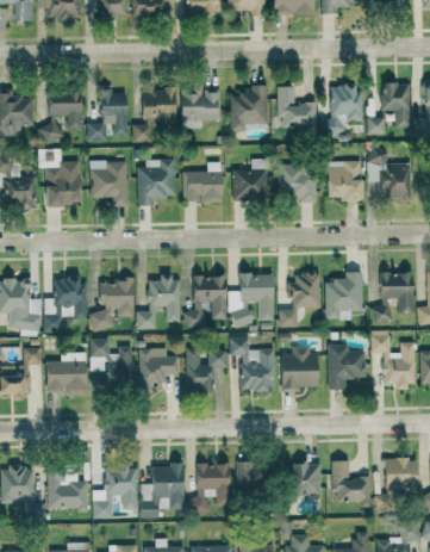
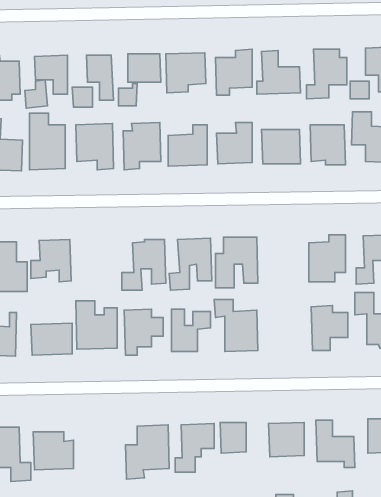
building: [279,272,320,327] -> none
building: [92,280,135,329] -> none
building: [281,348,318,391] -> none
building: [93,465,138,519] -> none

